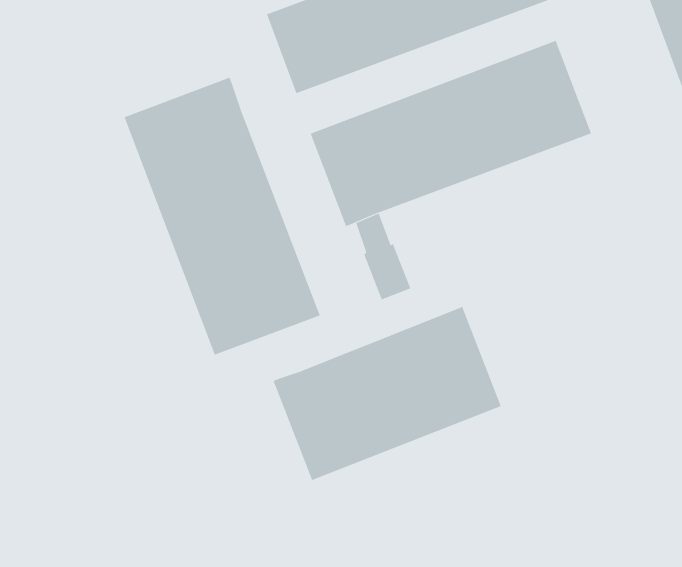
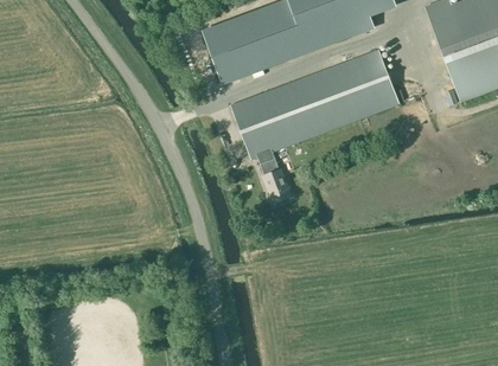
building: [124,77,321,356] -> none
building: [273,306,501,481] -> none

